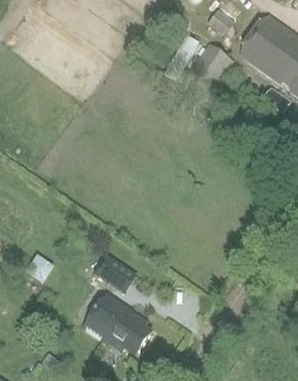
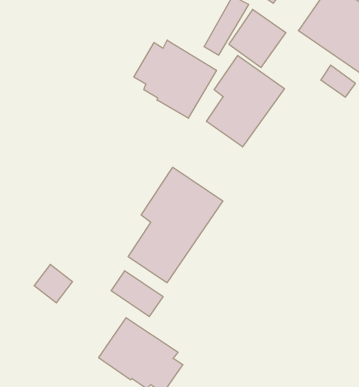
building: none -> [134,40,216,118]
building: none -> [206,55,284,147]
building: none -> [128,167,223,283]

